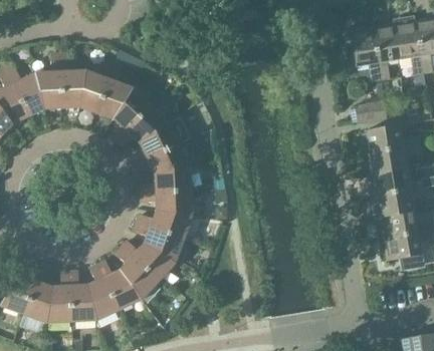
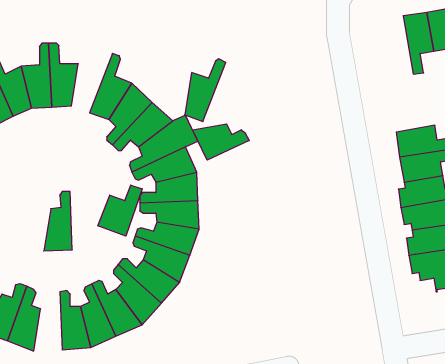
building: [348,28,381,81] -> none
building: [79,58,116,113] -> [185,59,226,122]
building: [355,100,387,122] -> none
building: none -> [192,124,249,160]
building: none -> [98,185,142,236]
building: [46,271,71,323] -> [44,192,72,251]

